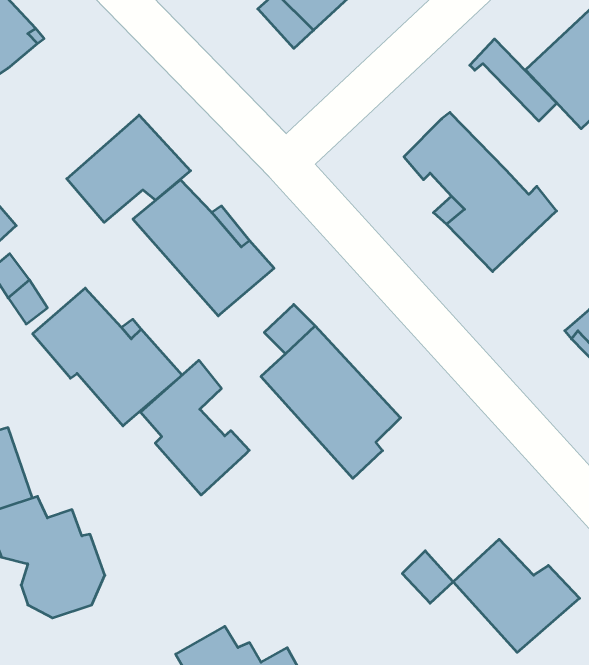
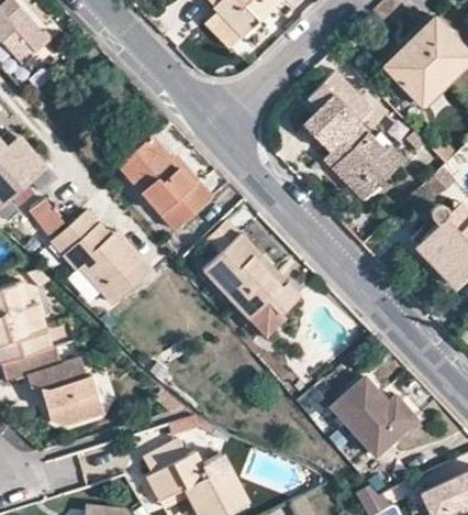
building: [470,39,557,121] -> [323,76,381,131]
building: [67,115,191,222] -> none
building: [140,360,249,495] -> none

